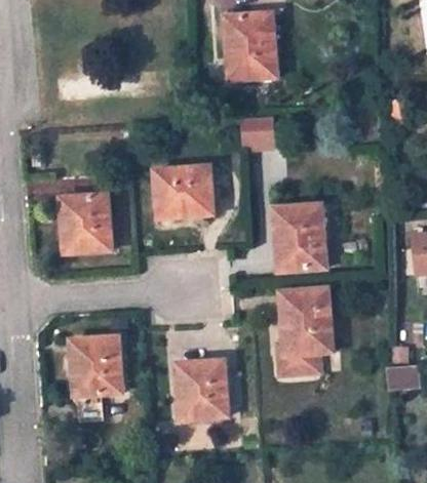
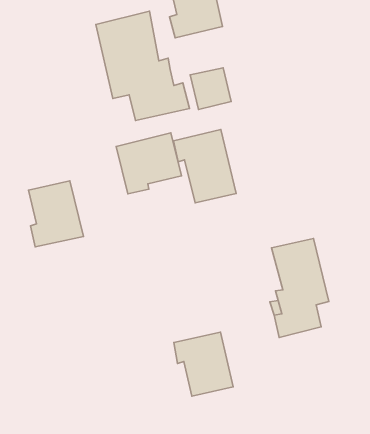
building: none -> [96,11,189,121]
building: [275,206,325,271] -> [174,129,236,203]
building: [73,338,122,395] -> none

